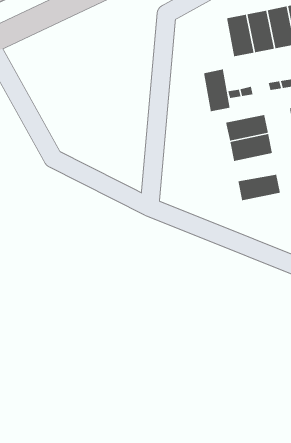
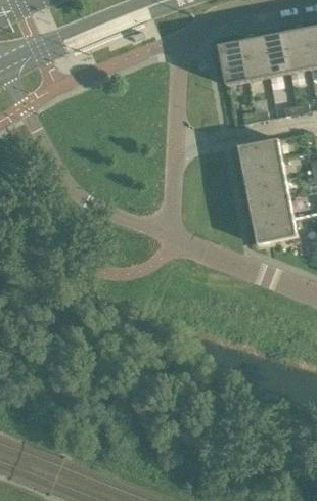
building: [203,69,230,112] -> [217,41,244,85]
building: none -> [244,178,288,206]
building: none -> [253,218,296,245]

